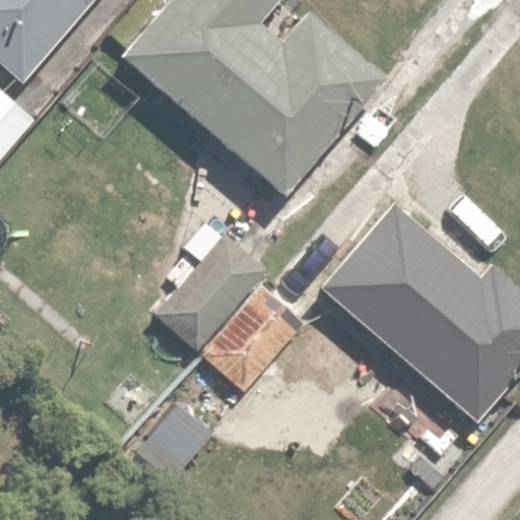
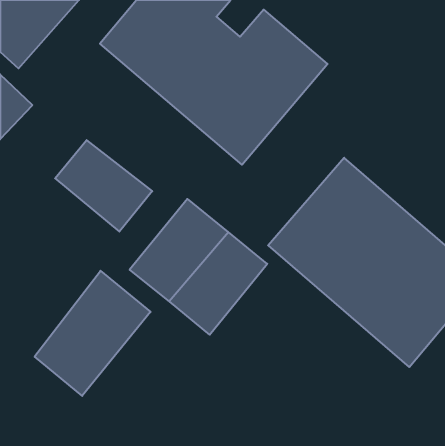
building: none -> [55,140,152,232]
building: none -> [35,271,151,396]

